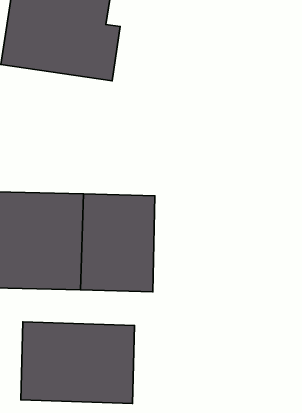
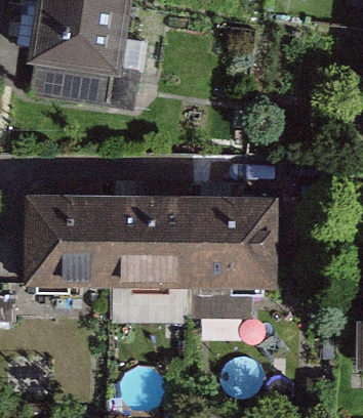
building: none -> [183,199,275,298]
building: [21,322,135,404] -> none

